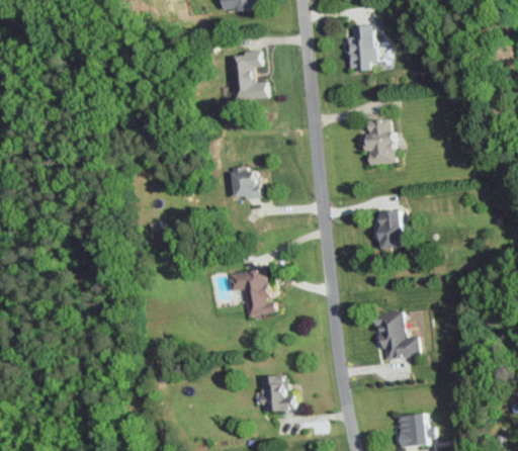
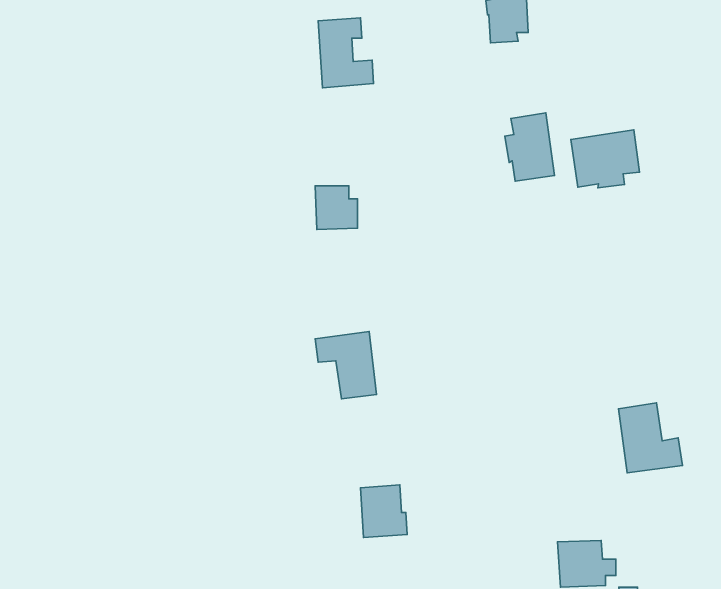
building: none -> [571,130,639,188]
building: [376,210,404,248] -> none
building: [376,311,421,360] -> [618,403,683,473]

